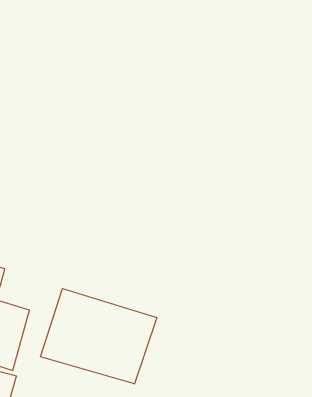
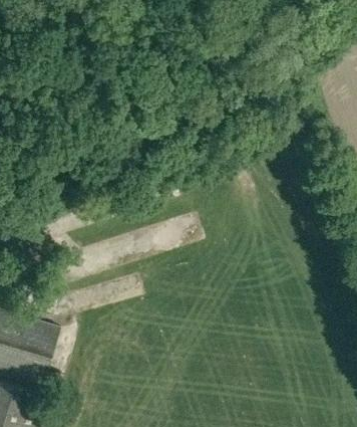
building: [40,289,157,384] -> none

